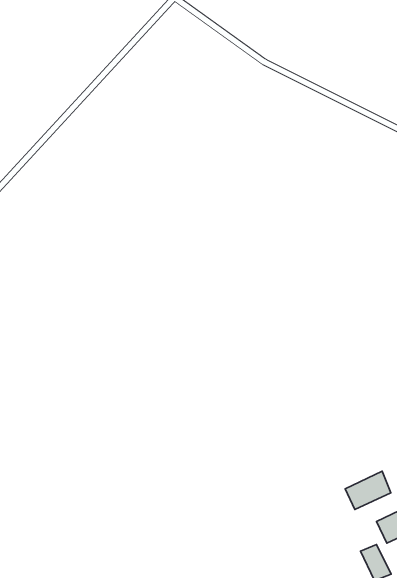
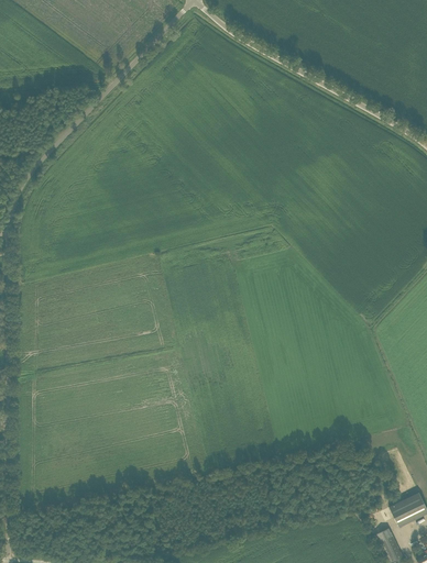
building: [345,471,391,510] -> none

